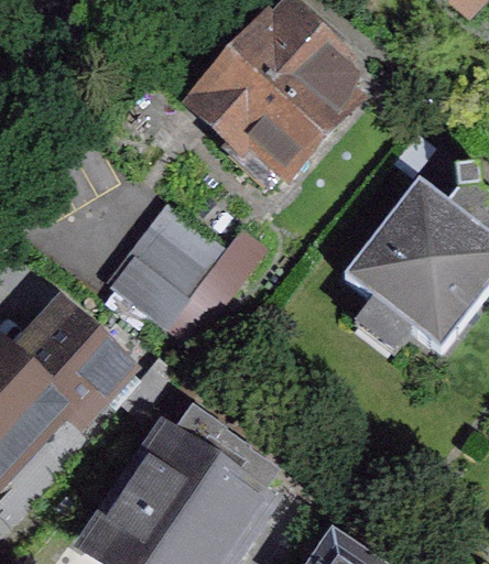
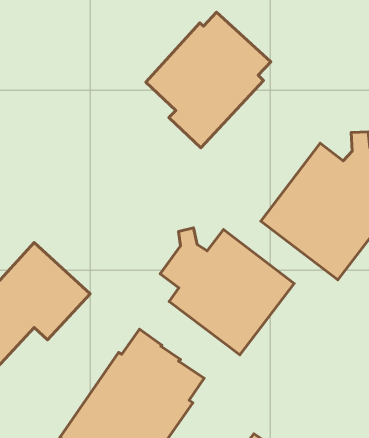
building: [111,207,263,343] -> none
building: none -> [160,228,294,355]

